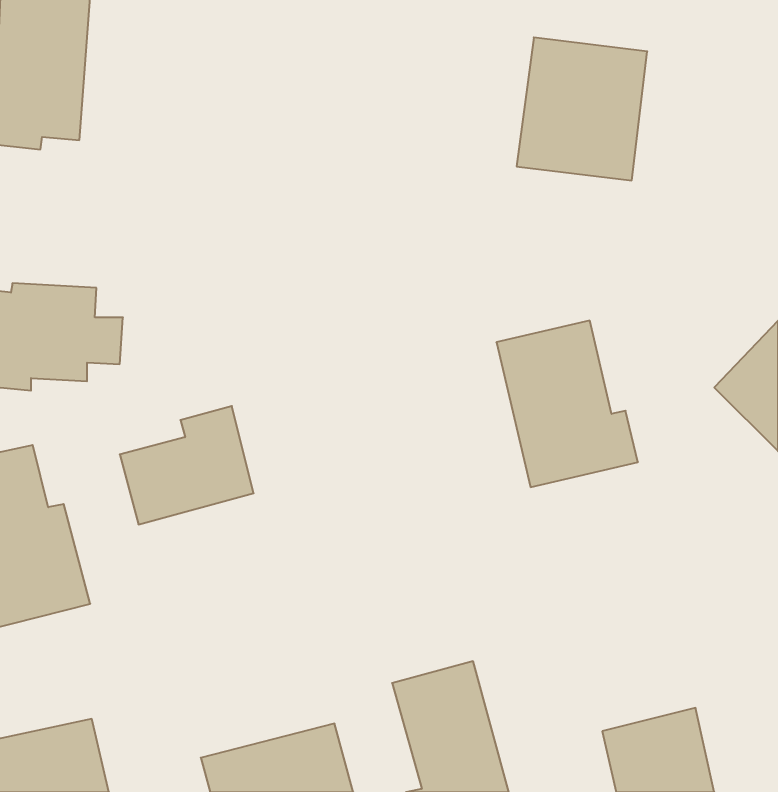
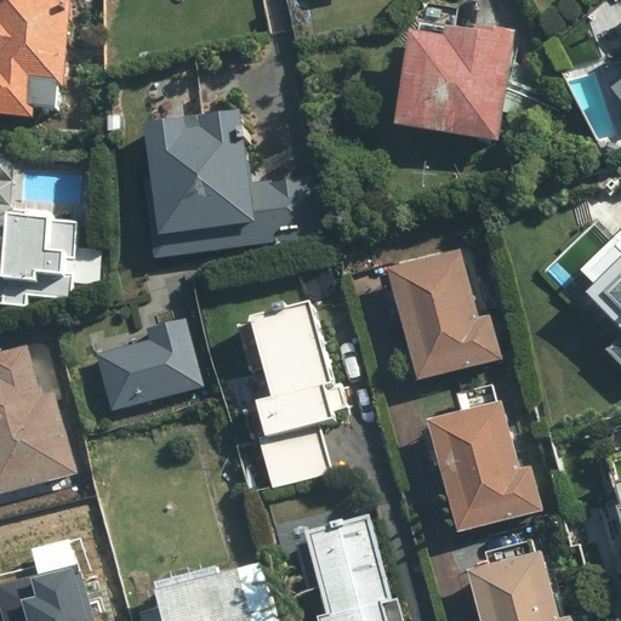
building: none -> [146,114,317,244]
building: none -> [249,303,338,483]
building: none -> [431,403,541,532]

